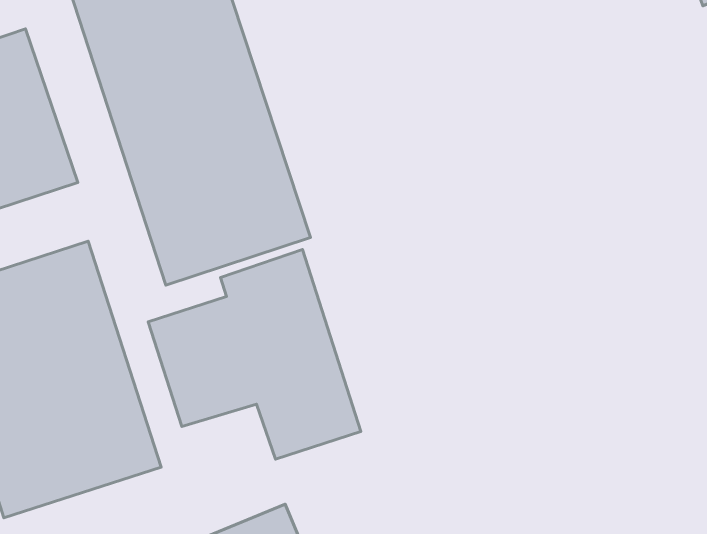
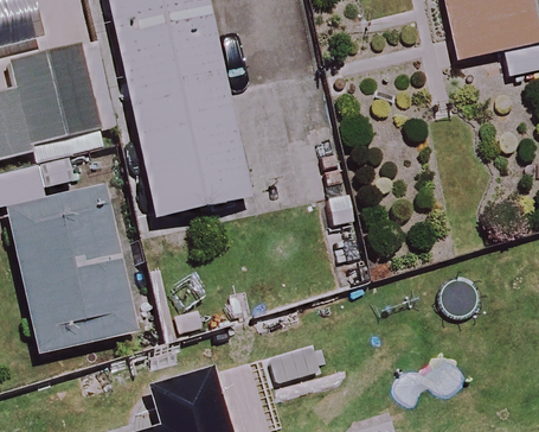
building: [148,250,361,459] -> none

